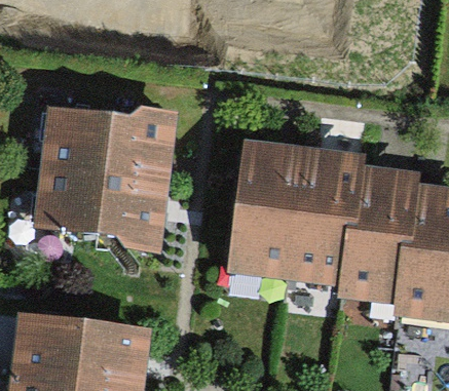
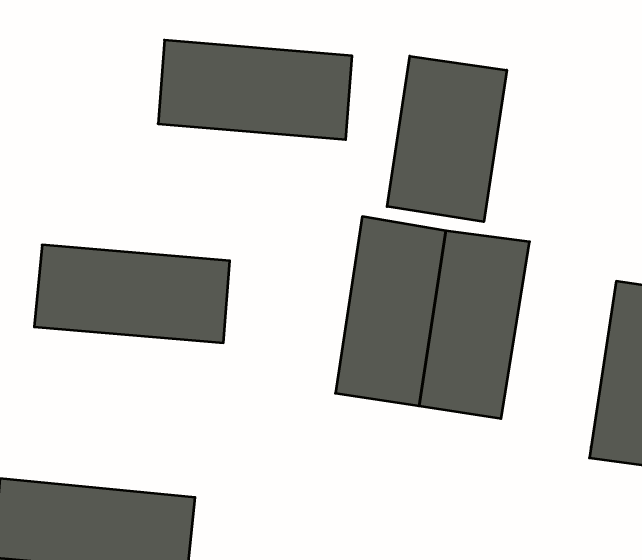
building: none -> [387,56,507,222]
building: [44,108,171,172] -> [158,40,352,140]
building: [343,170,419,294] -> none

